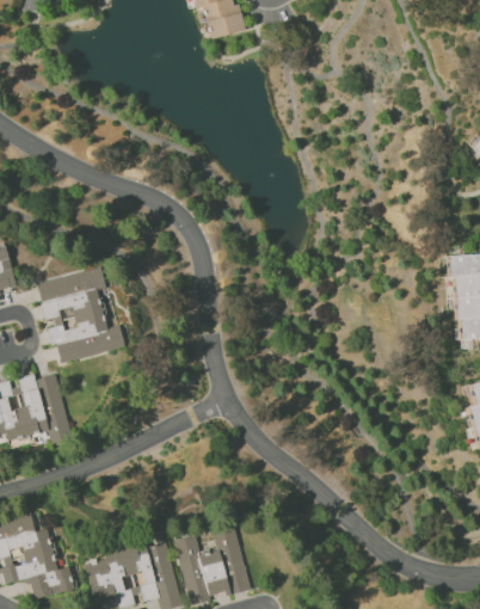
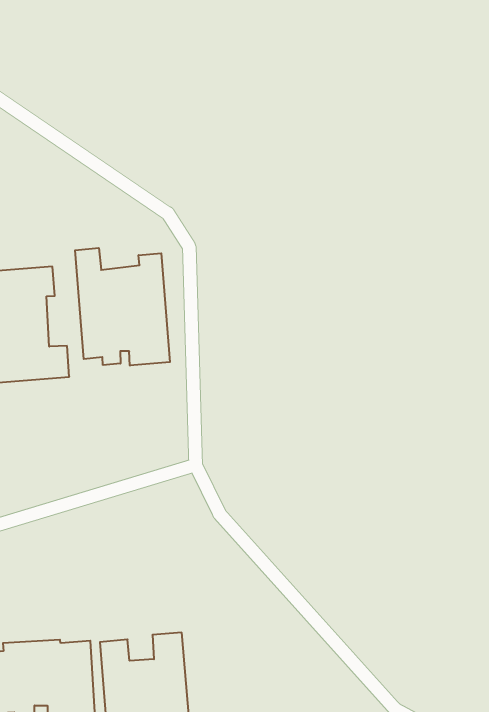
building: none -> [75,248,170,366]

